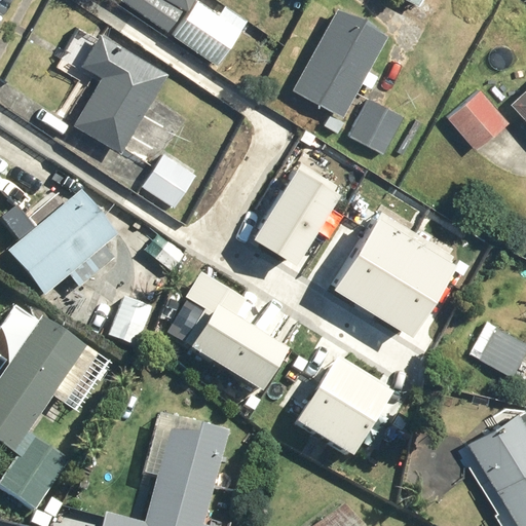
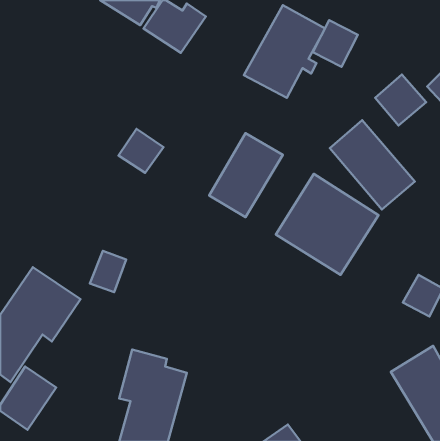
building: [73,33,167,152] -> none
building: [350,99,404,154] -> [313,20,358,67]
building: none -> [330,120,415,210]
building: [7,193,117,298] -> none
building: [179,270,288,397] -> none
building: [295,359,389,456] -> none

